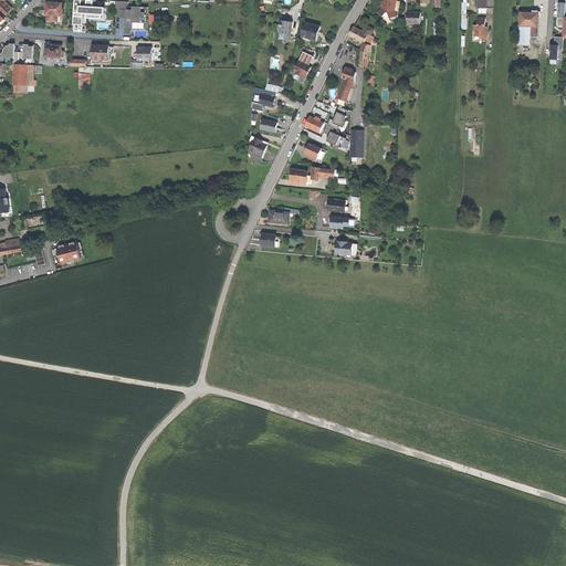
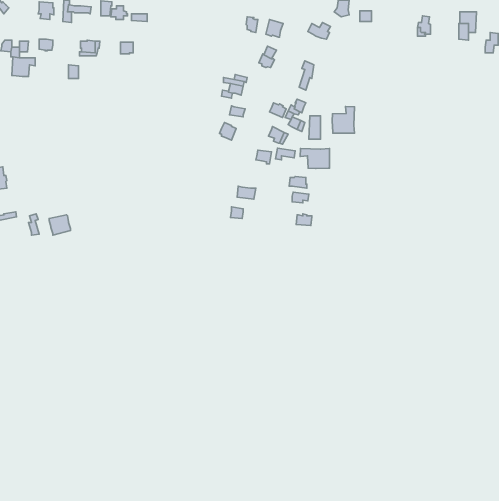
building: none -> [332,107,355,133]
building: none -> [300,148,330,169]

